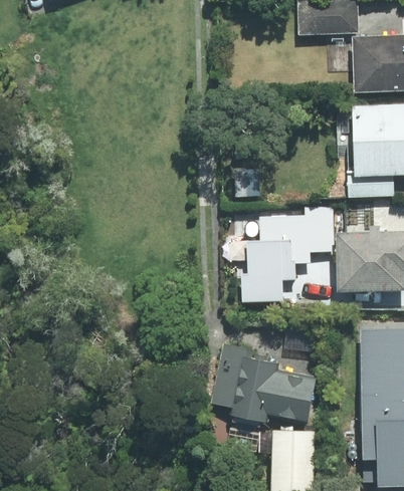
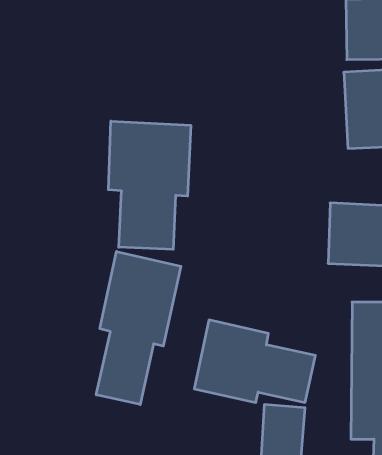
building: none -> [108,121,191,249]
building: [239,207,333,301] -> none
building: none -> [96,251,181,405]

